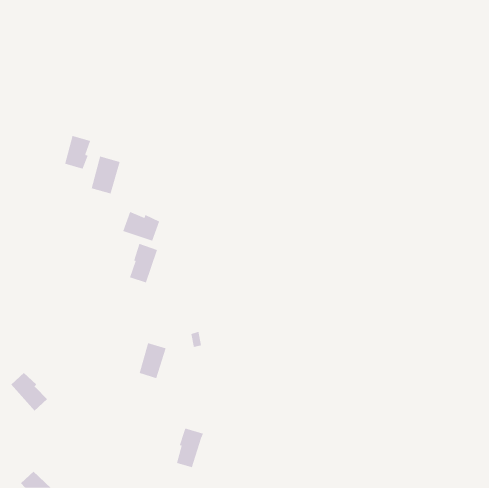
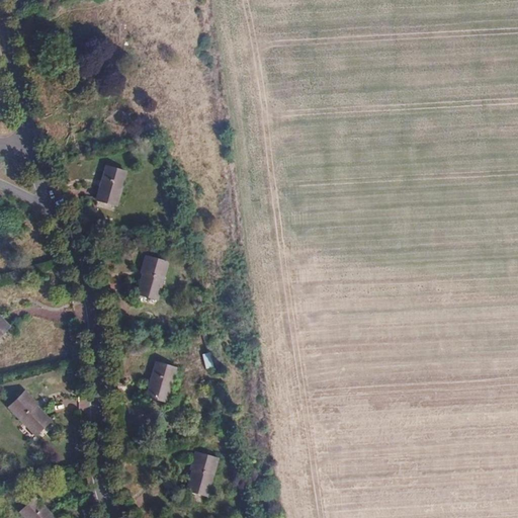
building: [64,135,91,169] -> none
building: [123,211,160,242] -> none

